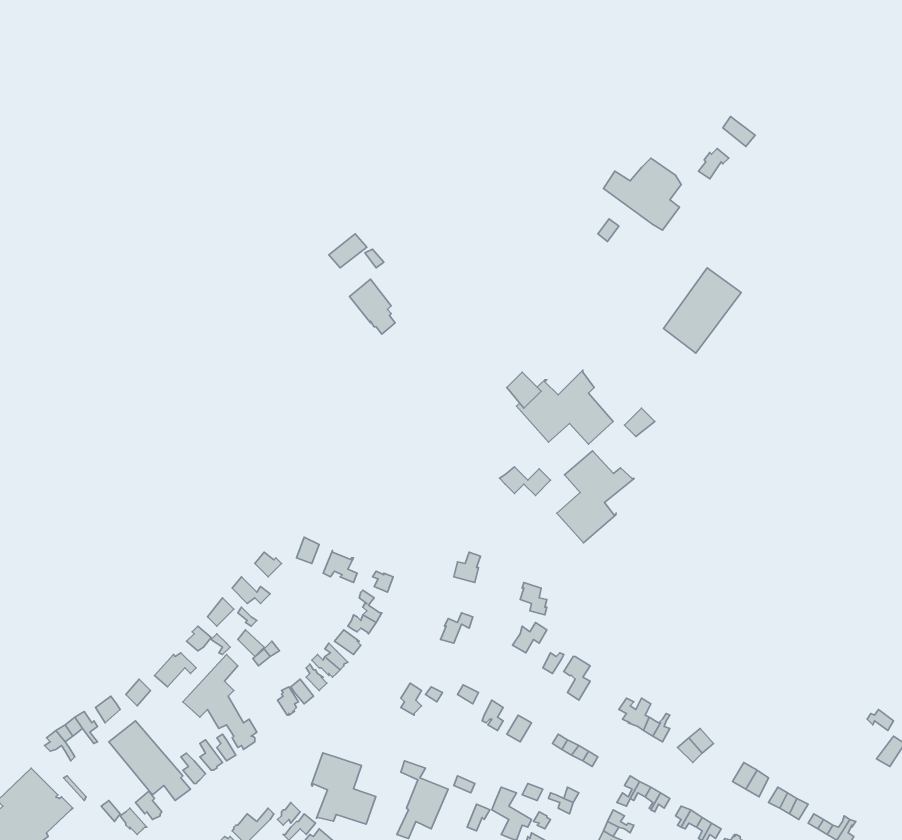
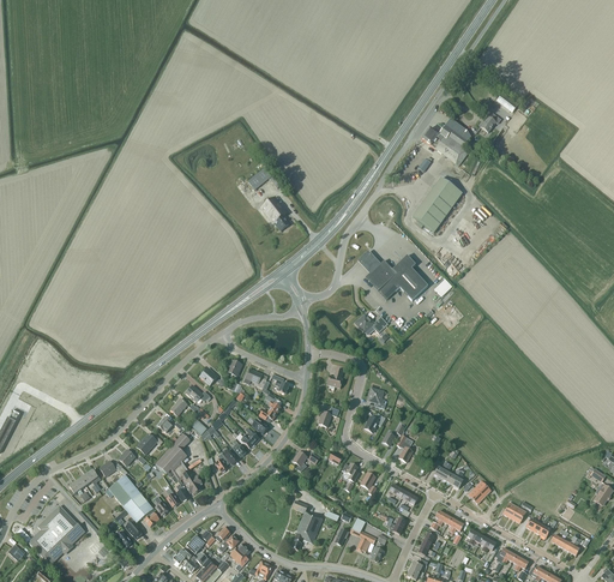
building: [664,268,741,353] -> [413,178,462,232]
building: [557,451,634,543] -> none
building: [312,753,376,824] -> none

